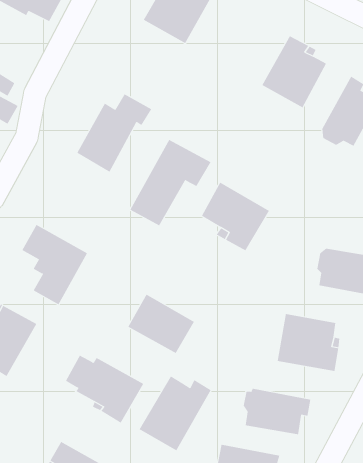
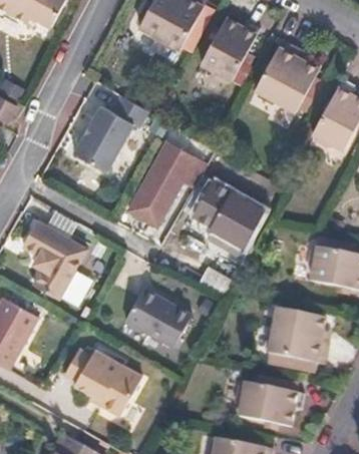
building: none -> [202,15,264,83]
building: [139,376,211,451] -> none

